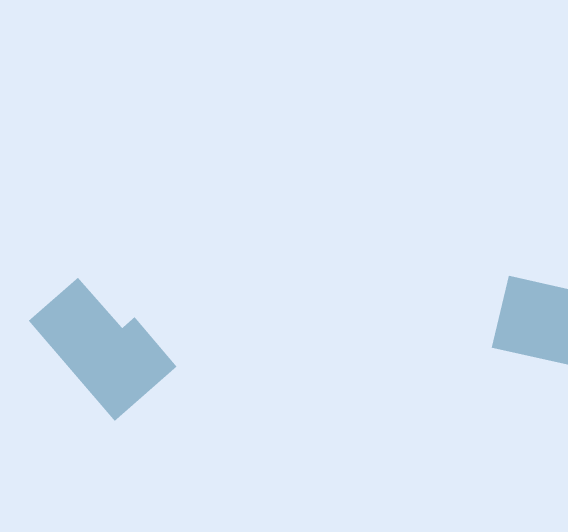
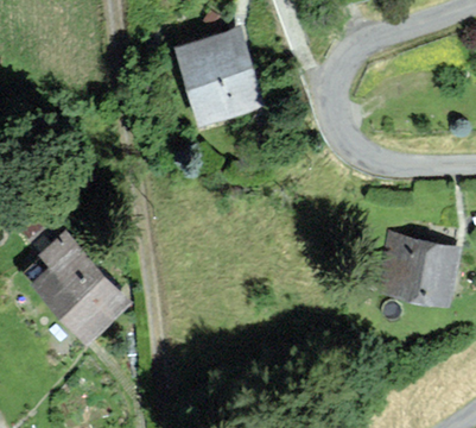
building: none -> [176,34,264,128]

